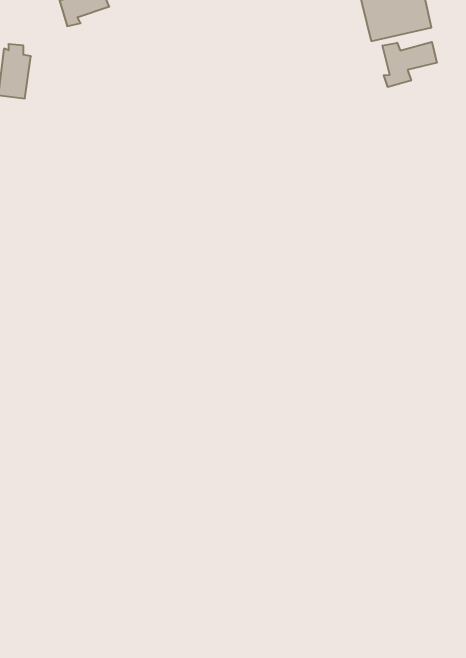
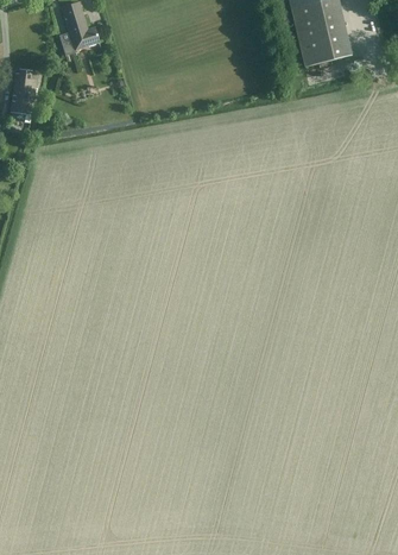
building: [383,42,437,87] -> none

